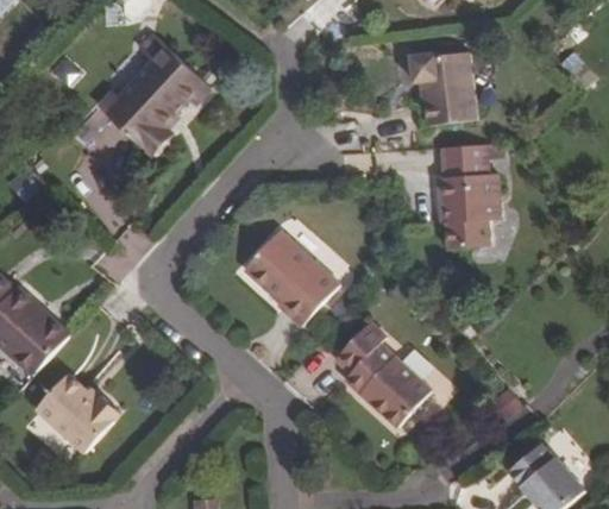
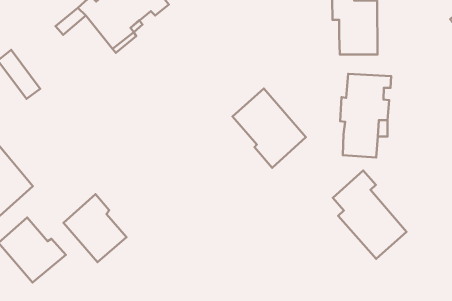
building: [244,230,338,326] -> [232,89,306,168]
building: [334,320,431,427] -> [333,171,407,259]
building: none -> [64,194,127,262]

